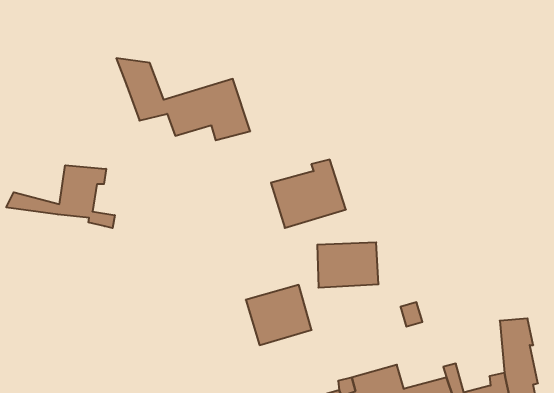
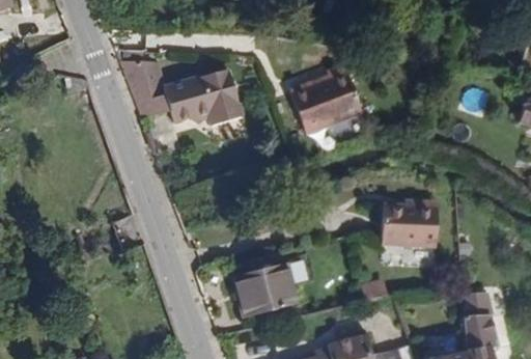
building: [271,160,346,228] -> [284,78,352,139]
building: [6,165,115,228] -> none
building: [317,242,379,288] -> [379,204,434,245]

